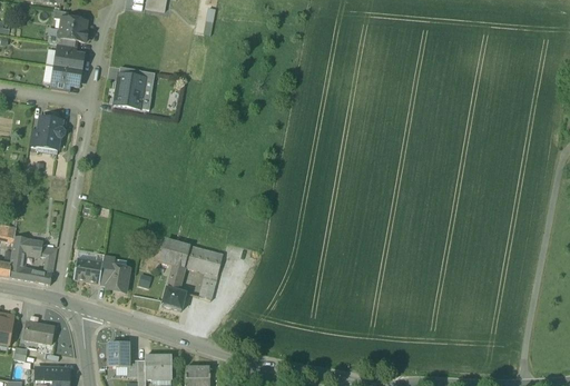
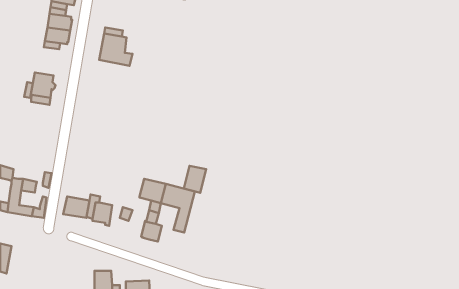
building: none -> [184,166,206,193]
building: [22,321,53,343] -> none

